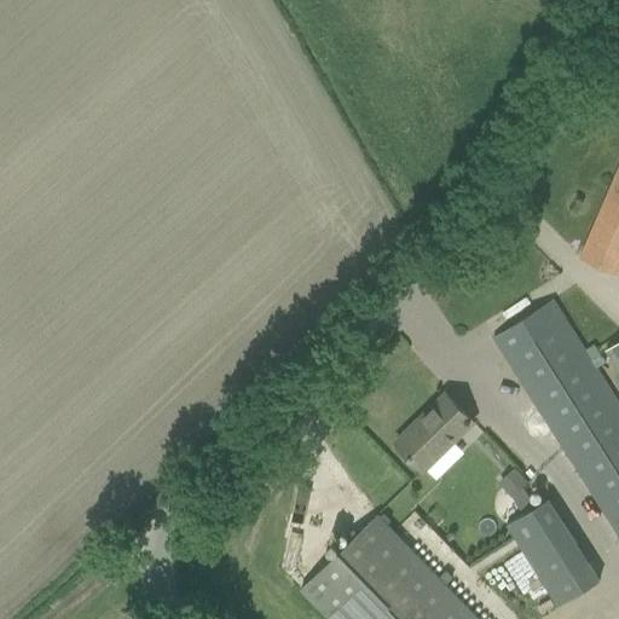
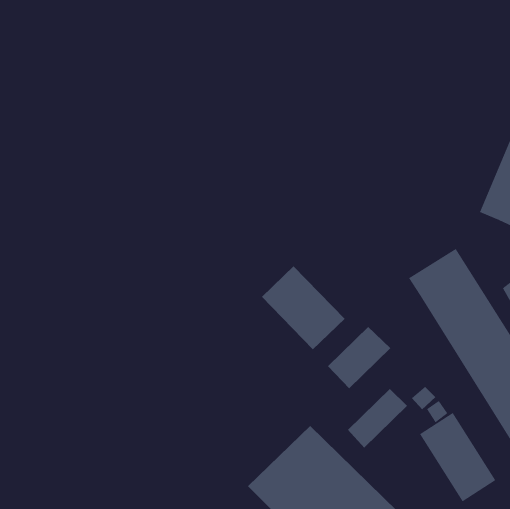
building: none -> [261,266,346,350]
building: none -> [347,388,408,448]

